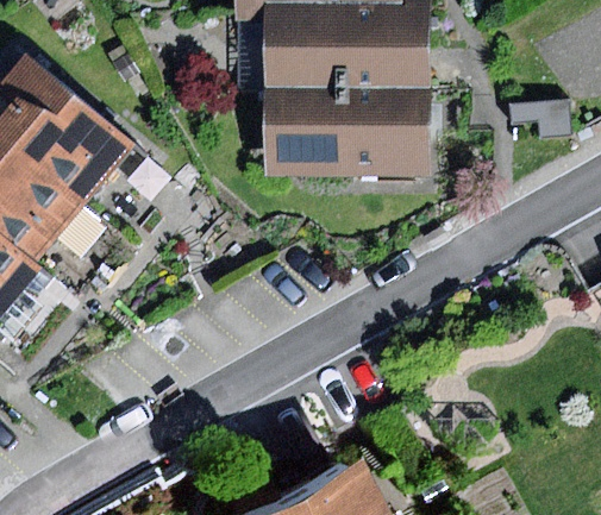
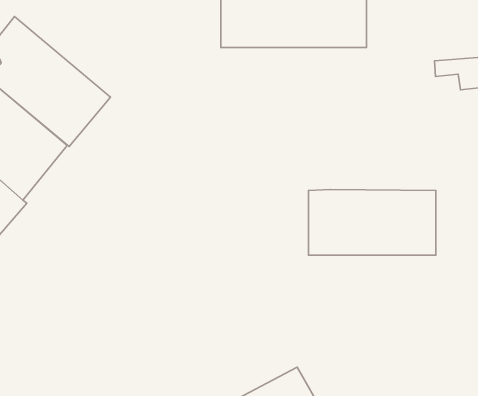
building: [262,90,430,177] -> none
building: none -> [308,189,436,255]

